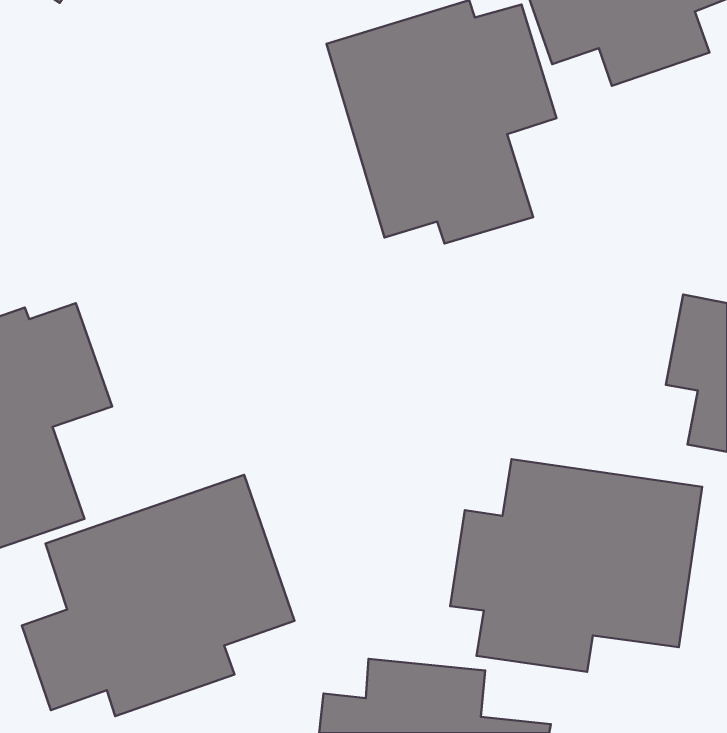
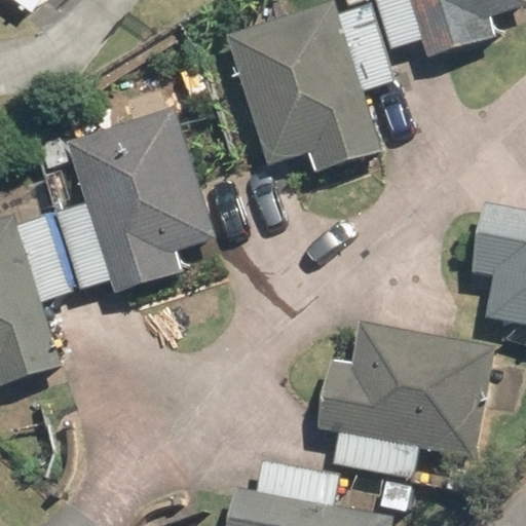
building: none -> [53,107,213,295]
building: [22,475,295,716] -> none

